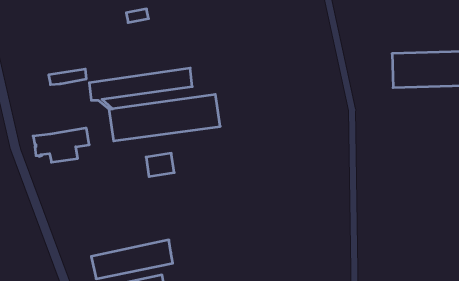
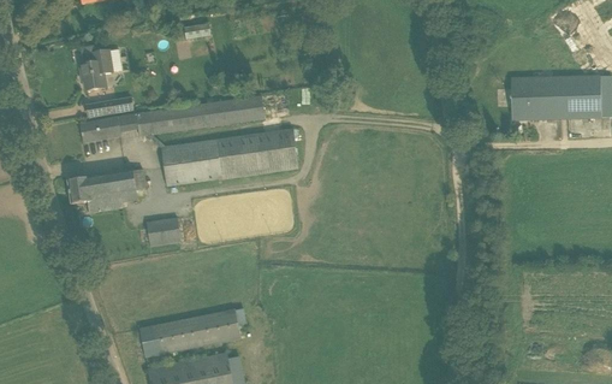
building: none -> [81,45,123,90]
building: none -> [79,116,121,142]
building: [146,153,174,177] -> [147,217,182,246]

